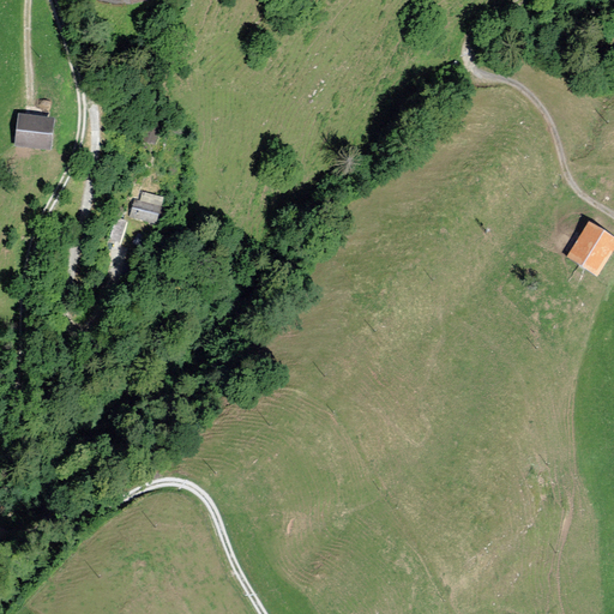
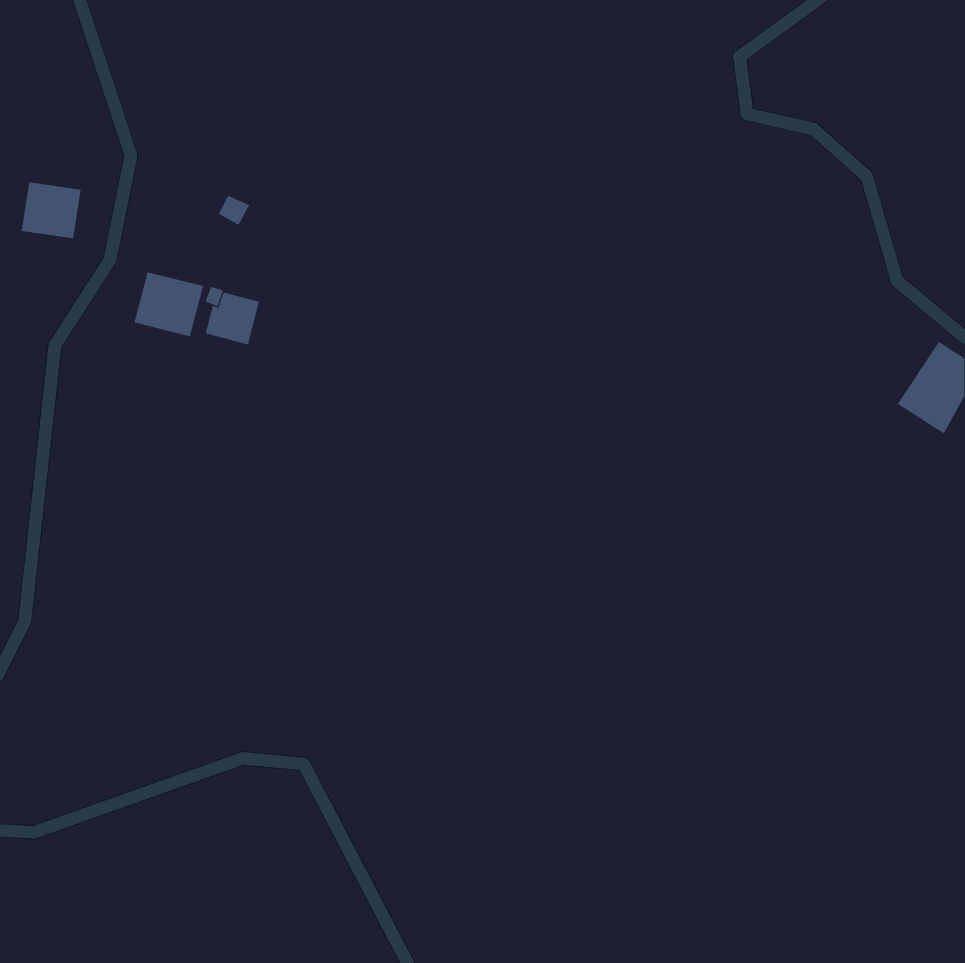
building: none -> [134,271,204,337]

